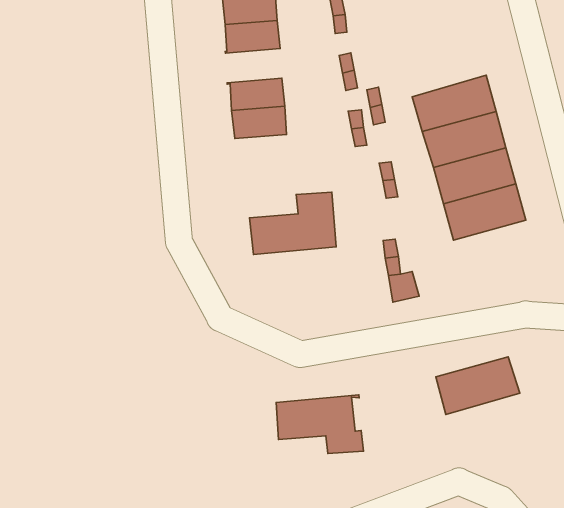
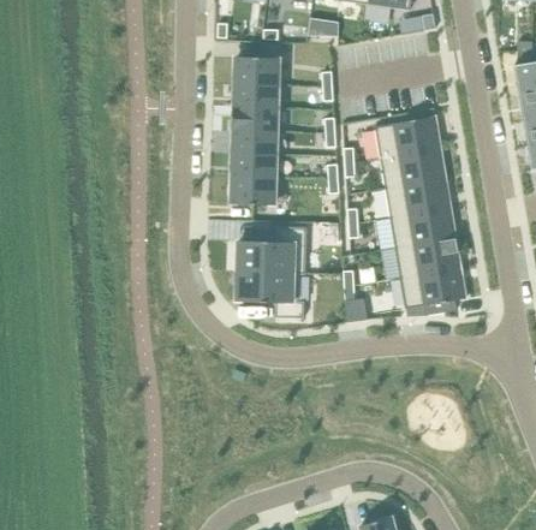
building: none -> [375,115,441,157]
building: none -> [232,106,278,131]
building: none -> [232,175,275,204]
building: [436,357,520,415] -> [400,267,466,308]
building: [276,395,363,453] -> [237,270,305,317]

